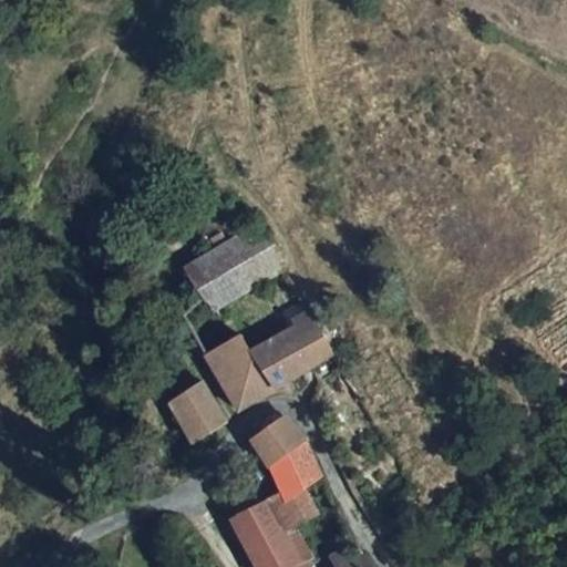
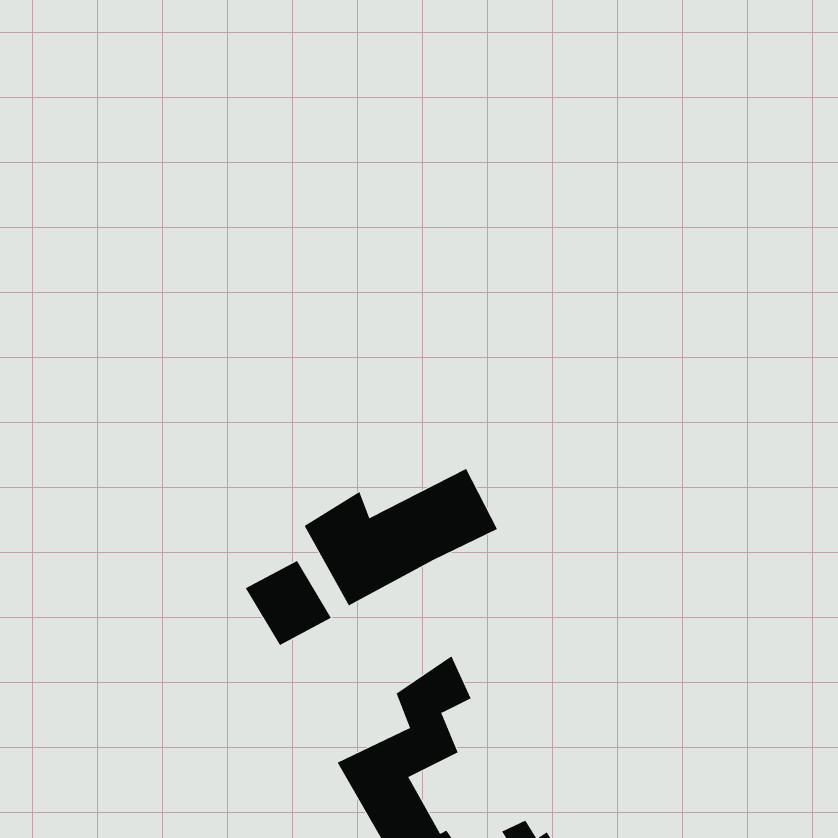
building: [182,224,284,296] -> none
building: [249,416,308,468] -> none

